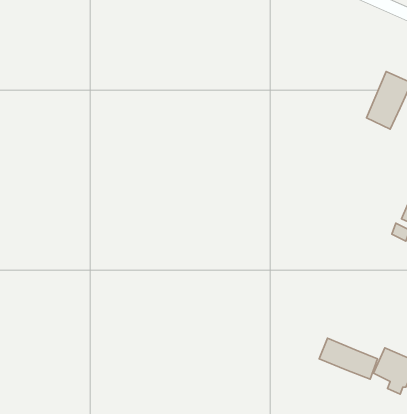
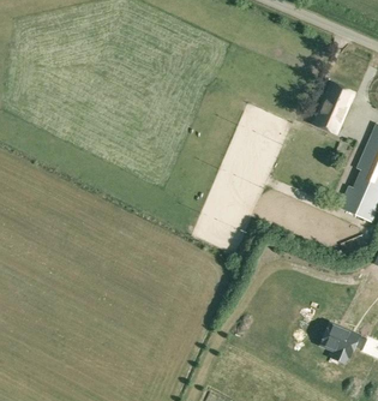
building: [319,338,378,379] -> none

